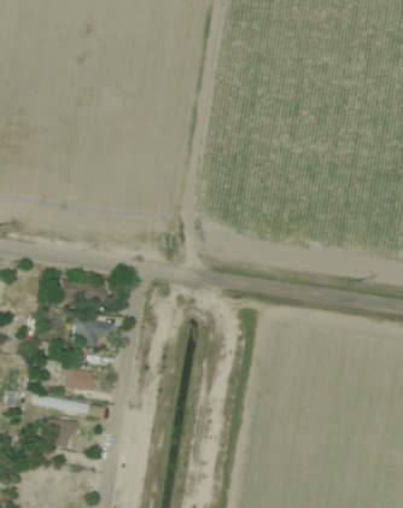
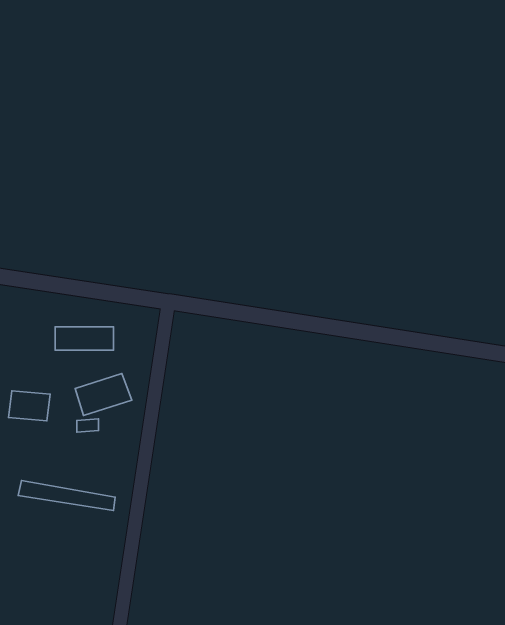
building: [63,368,93,390] -> [8,391,50,421]
building: [43,420,74,443] -> none

